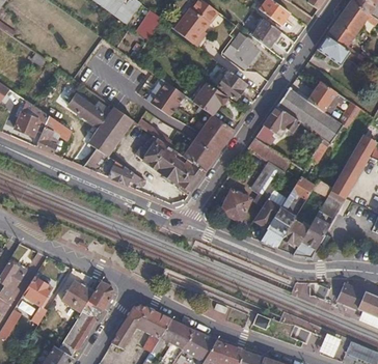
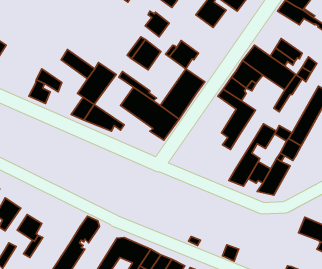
building: [219,69,246,99] -> [145,11,169,37]
building: [14,100,49,135] -> none
building: [253,187,289,228] -> none
building: [220,189,251,221] -> none
building: [60,280,92,311] -> none

